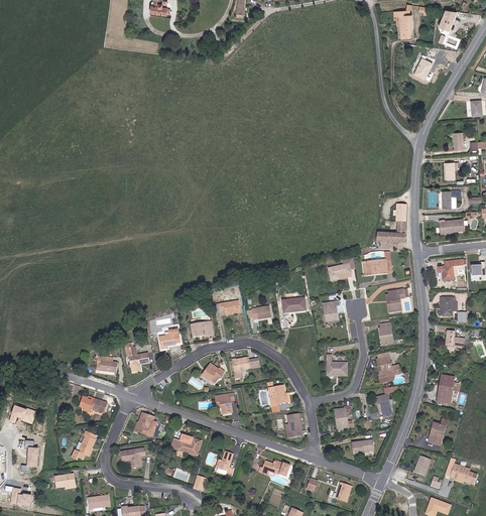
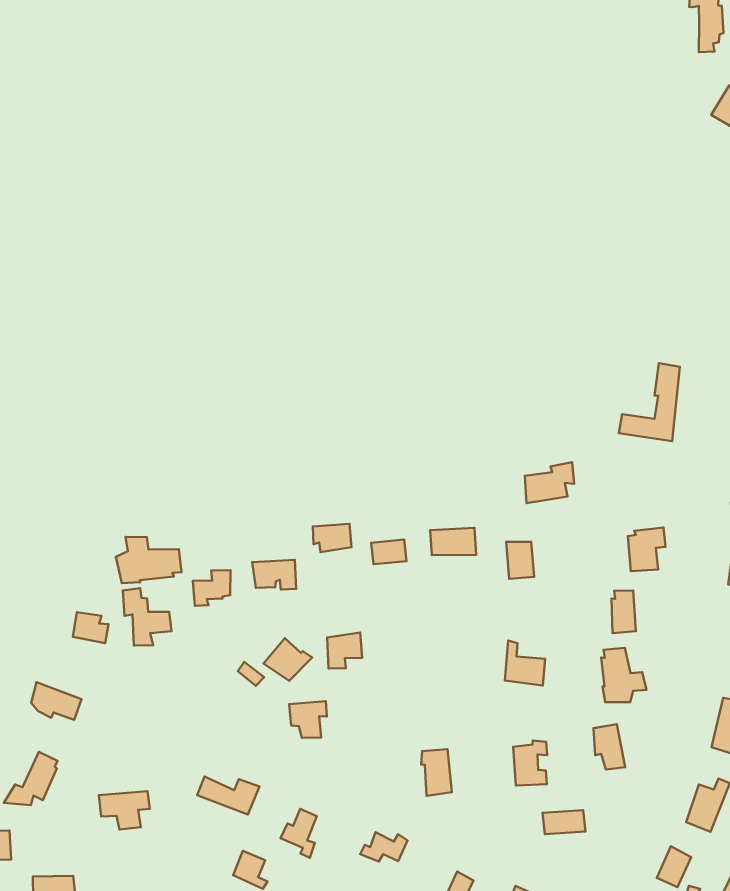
building: [363,251,392,275] -> none
building: none -> [116,537,182,583]
building: [267,381,290,412] -> none
building: [134,412,159,437] -> none

